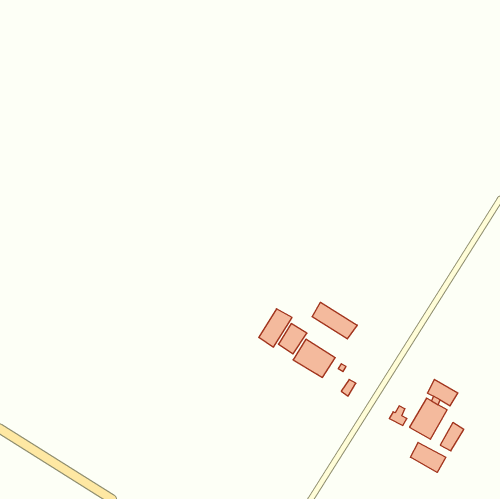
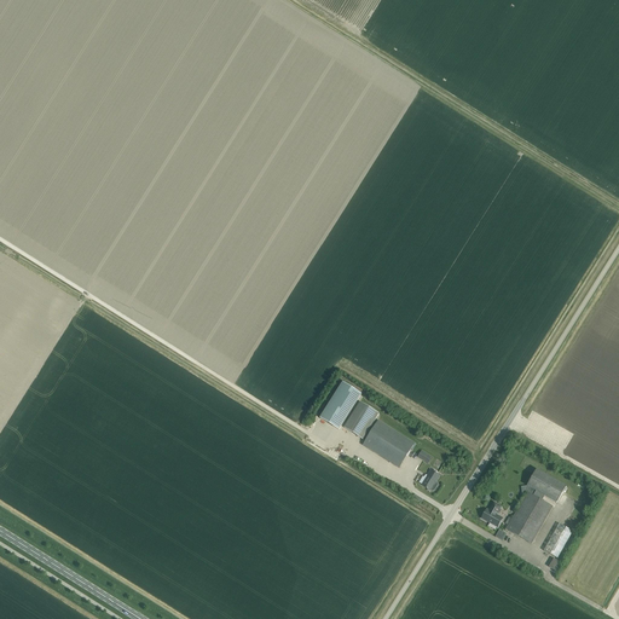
building: [312,302,357,339] -> none
building: [410,442,446,472] -> none

